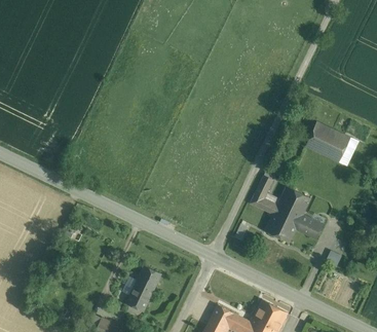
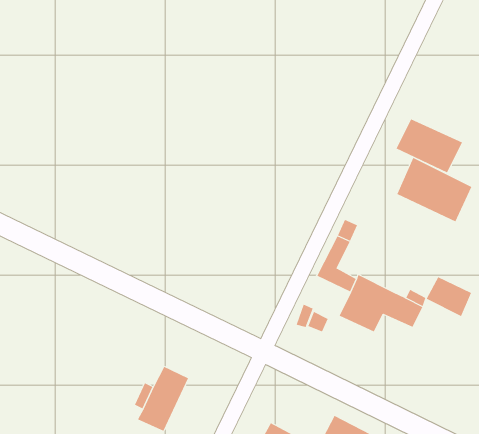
building: none -> [396,119,463,173]
building: [278,186,310,214] -> [426,277,472,317]

